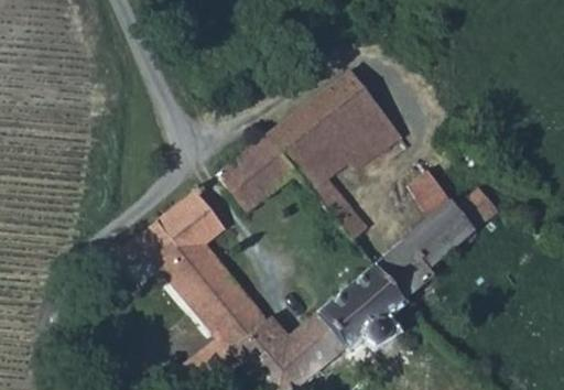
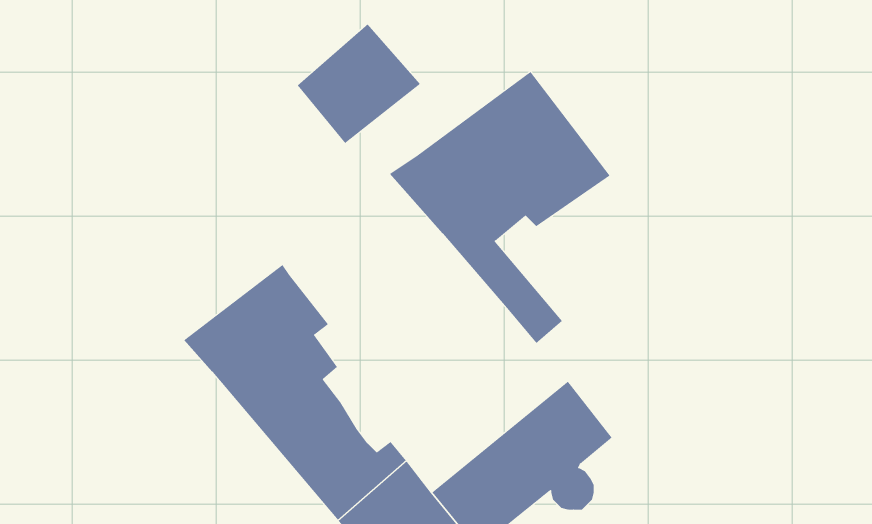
building: [218,136,295,210] -> [297,24,421,144]
building: [373,172,499,300] -> none

